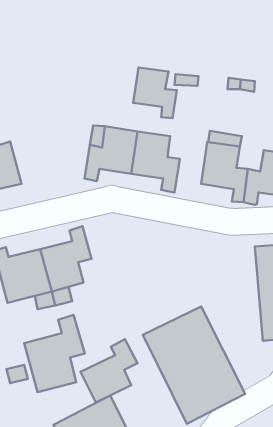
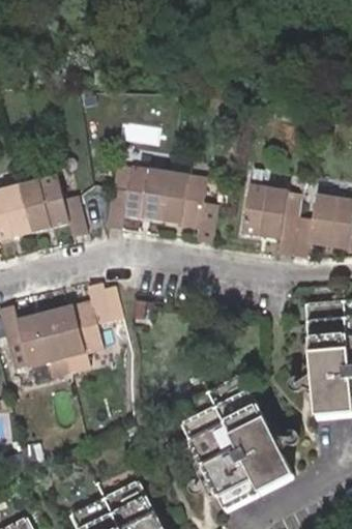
building: [133,67,177,118] -> none
building: none -> [20,174,89,237]
building: [24,315,85,392] -> none
building: [81,339,137,403] -> none

